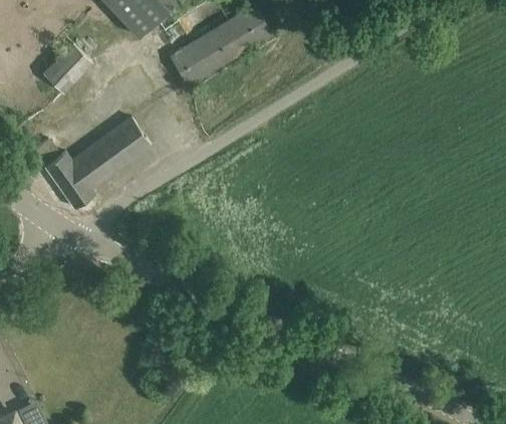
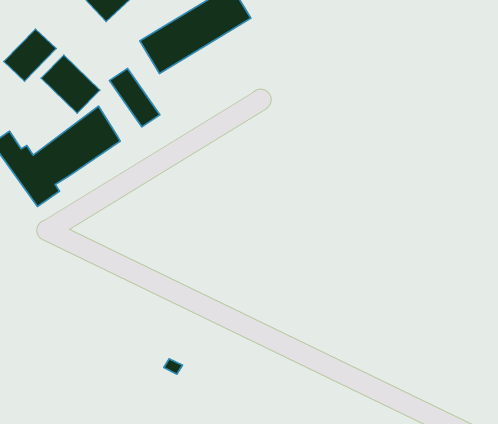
building: none -> [41,55,100,113]
building: none -> [109,68,160,127]

